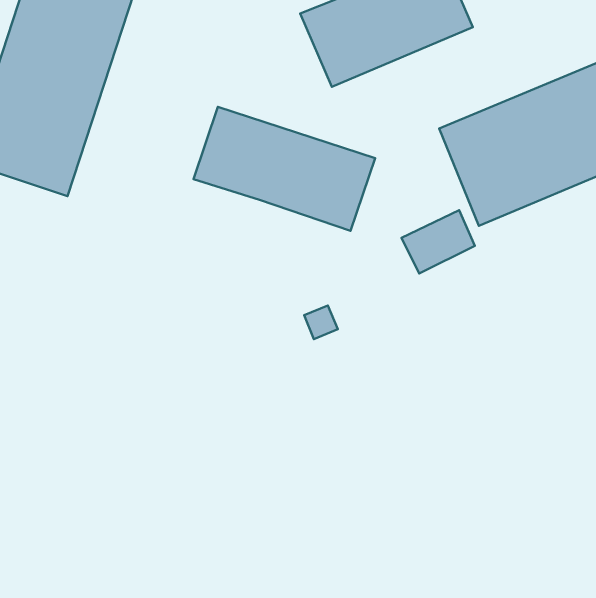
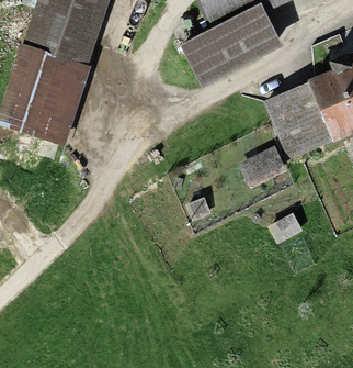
building: [193,107,375,231] -> none

